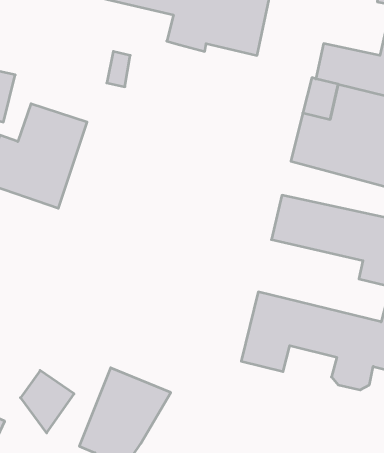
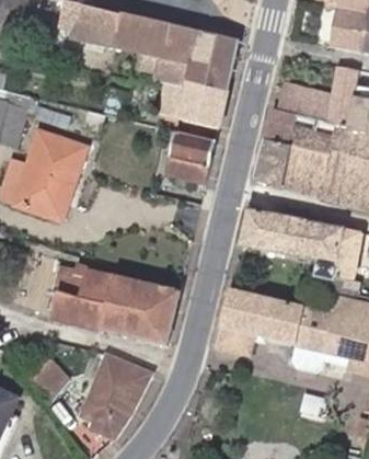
building: none -> [157,80,228,126]
building: none -> [165,131,215,183]
building: none -> [53,262,180,344]

